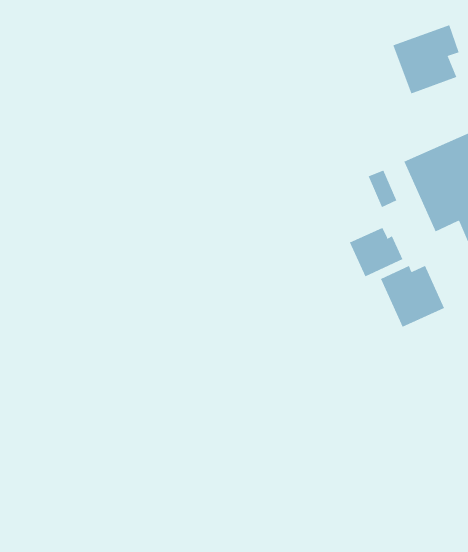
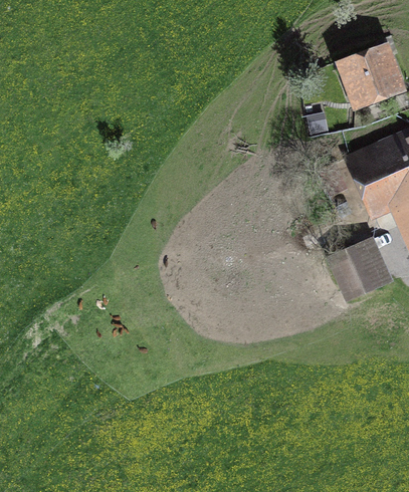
building: [349,227,403,277] -> none

